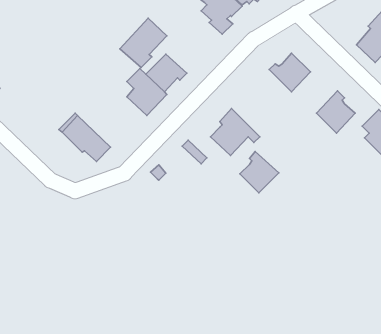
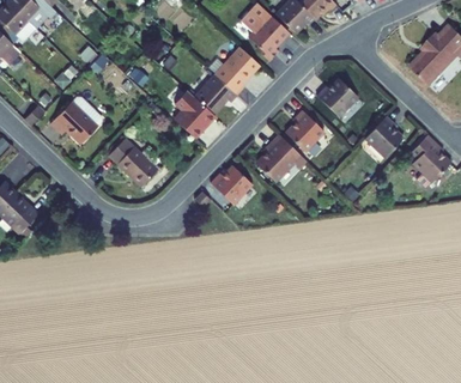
building: [120,18,167,68] -> [214,47,262,97]
building: none -> [51,97,103,145]
building: none -> [214,171,250,202]
building: [240,152,279,193] -> [290,109,329,151]

